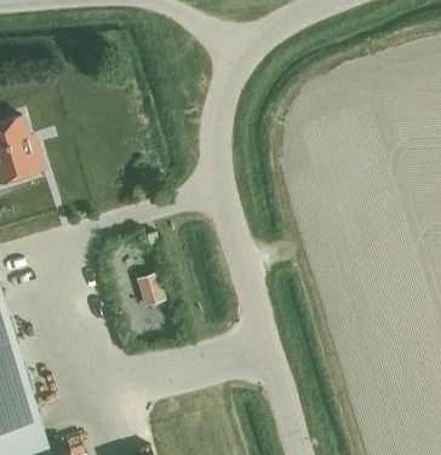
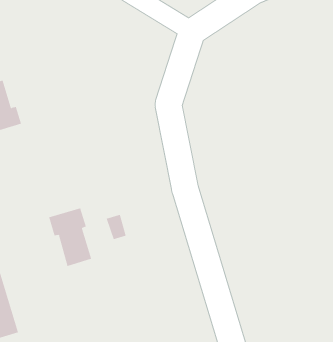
building: none -> [48,207,92,267]

